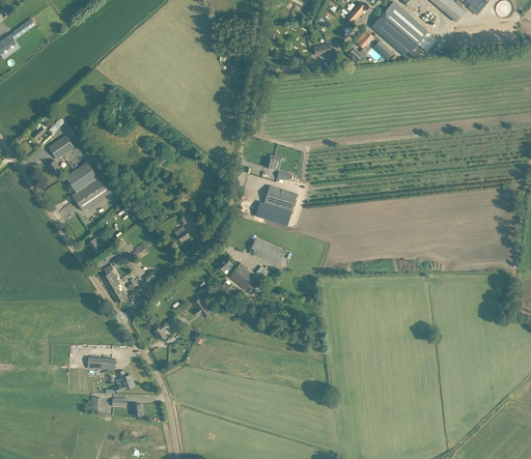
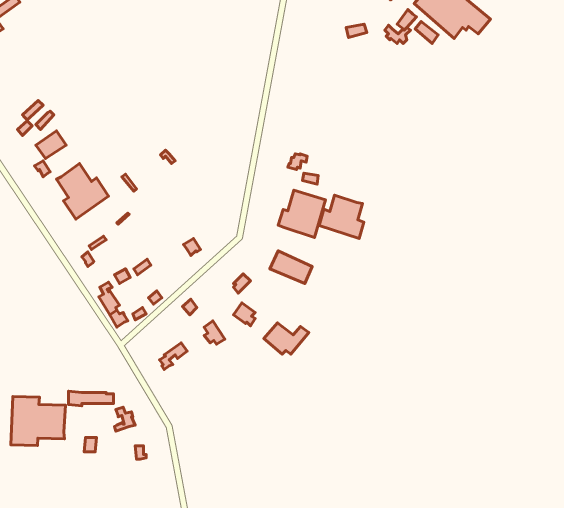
building: none -> [319,195,364,238]
building: [229,263,268,290] -> [264,323,309,354]
building: none -> [11,397,66,445]

